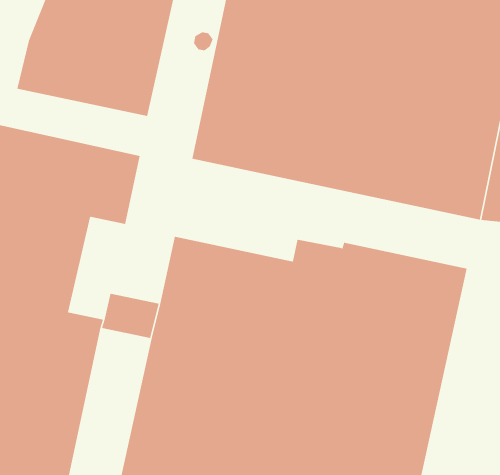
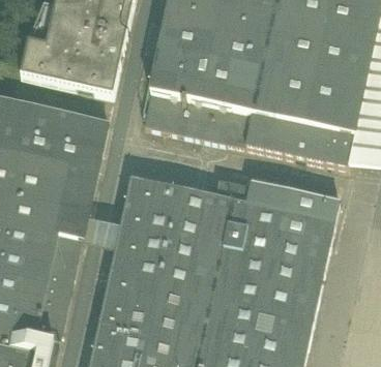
building: none -> [57,165,97,238]

